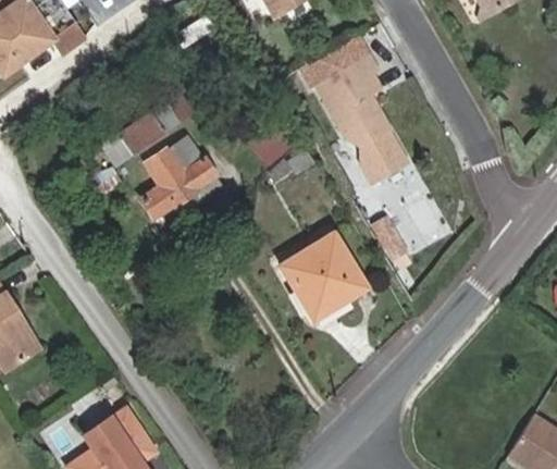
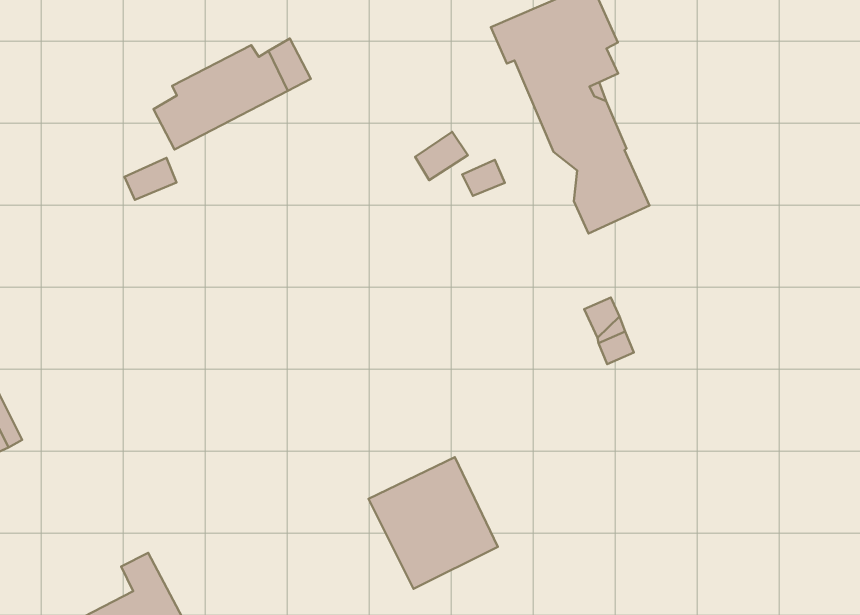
building: [144,136,219,213] -> none
building: [284,234,364,316] -> [369,457,498,589]

